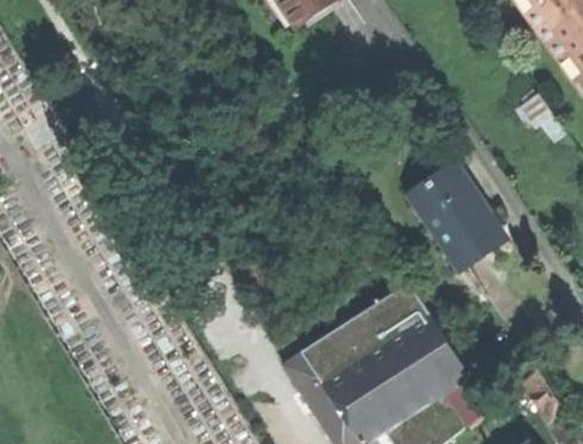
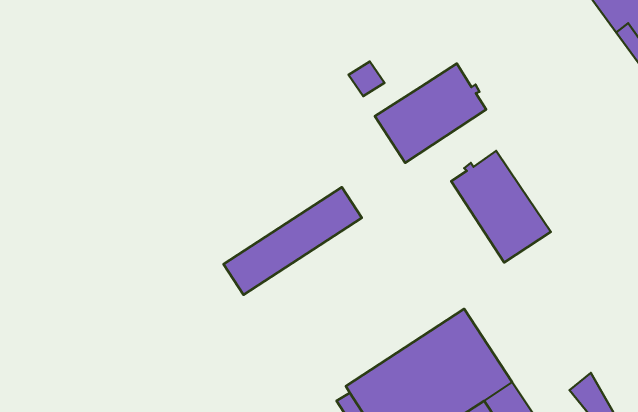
building: none -> [375,63,486,163]
building: [302,281,426,377] -> [224,187,362,295]

